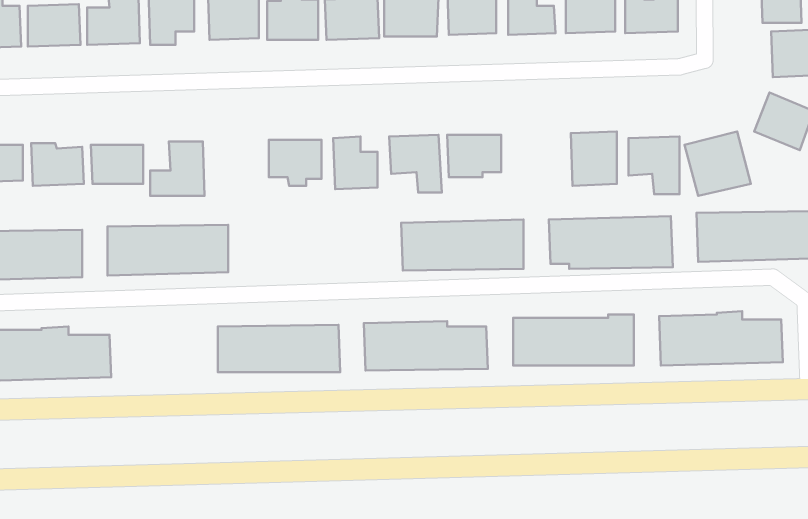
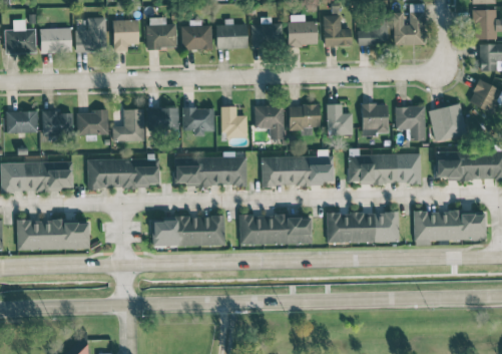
building: none -> [327,104,353,135]
building: none -> [147,107,179,129]
building: none -> [174,156,246,187]

